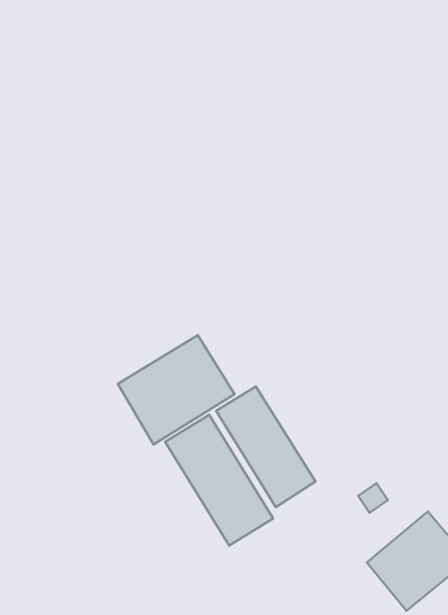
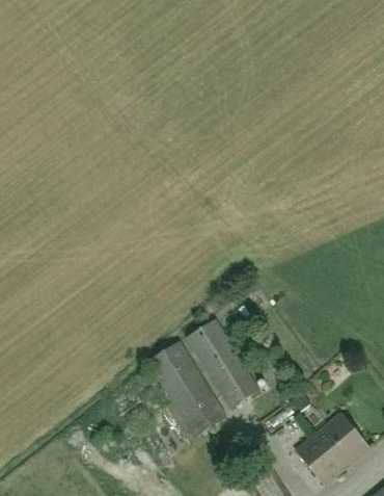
building: [118,335,234,444] -> none

